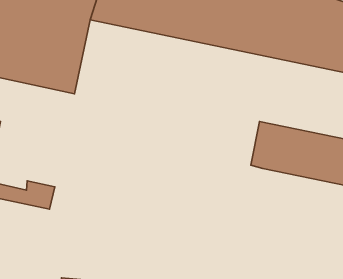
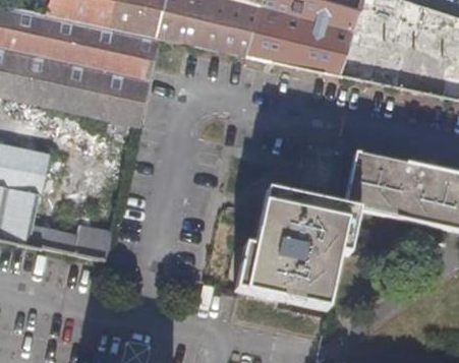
building: none -> [232,192,358,313]

